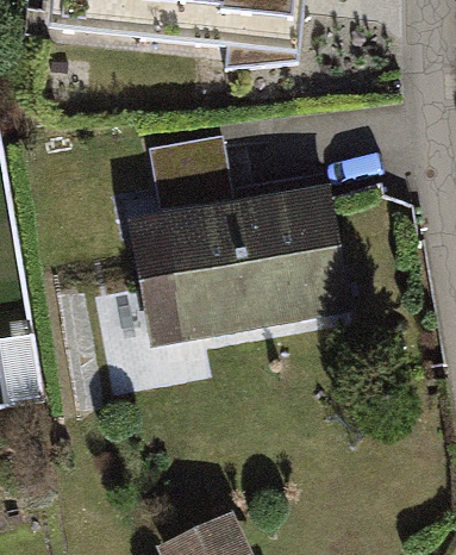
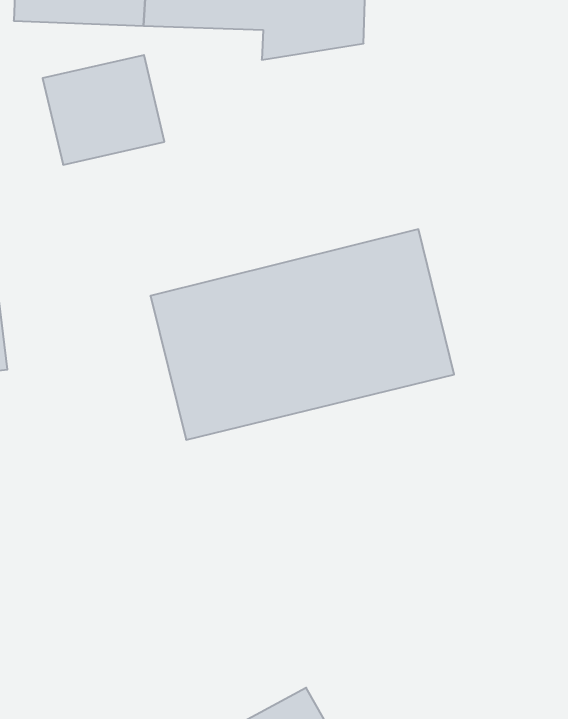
building: [149,133,233,208] -> [43,55,164,165]

